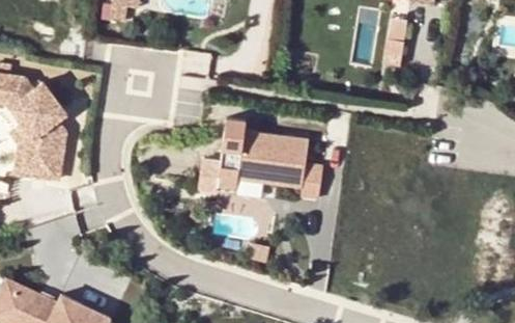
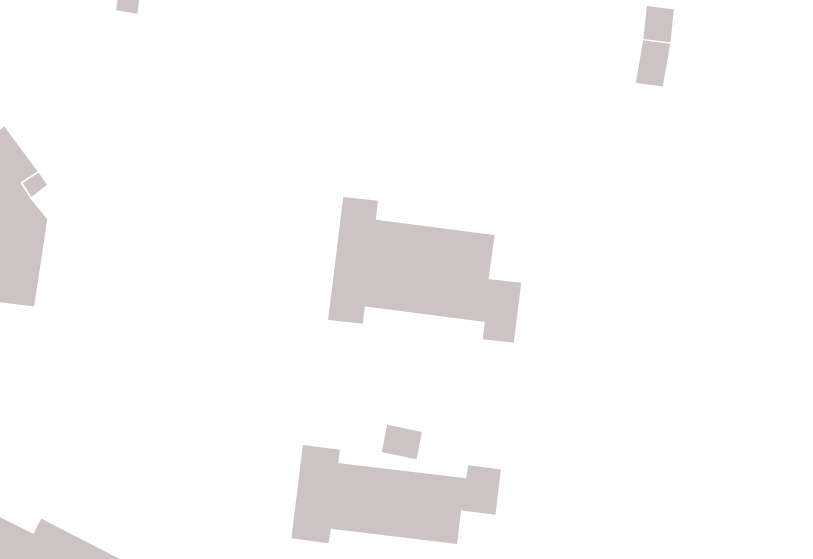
building: none -> [291,444,502,545]

